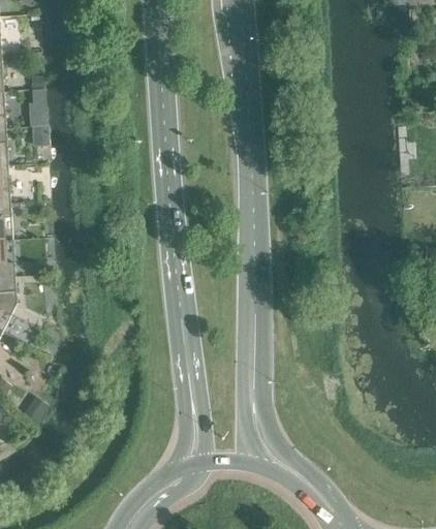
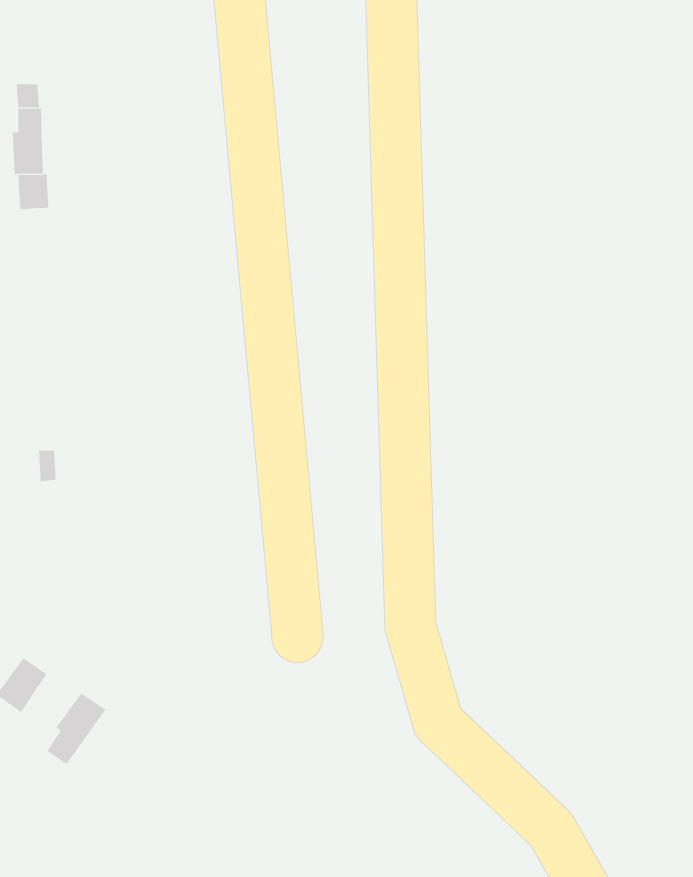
building: none -> [46,693,106,765]

